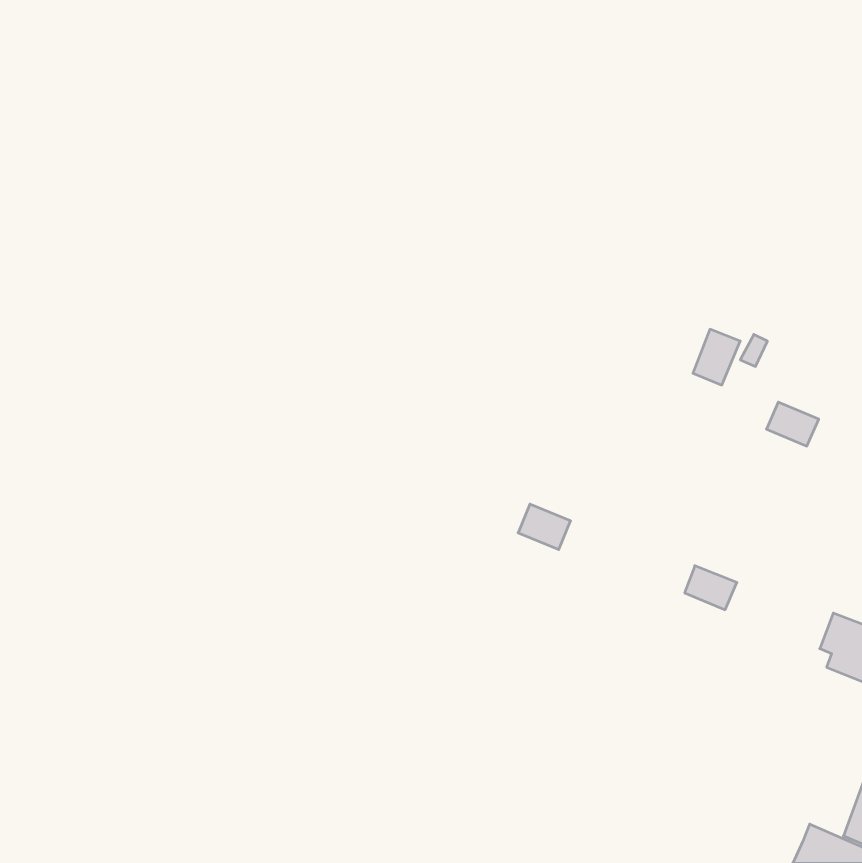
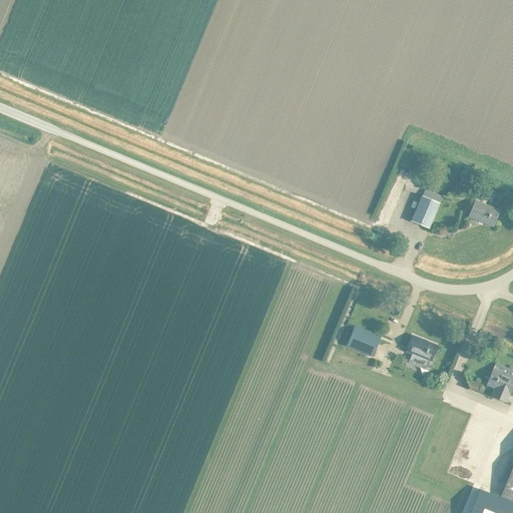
building: [766,402,819,446] -> [469,200,500,226]
building: [518,504,571,550] -> [349,329,380,356]

